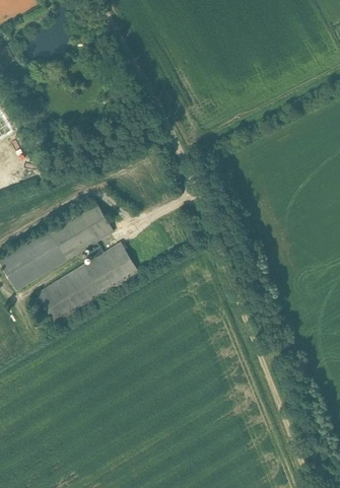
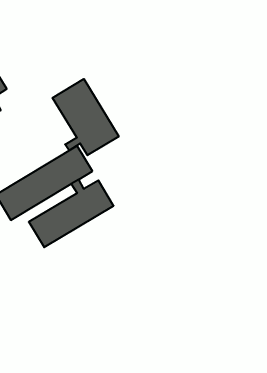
building: none -> [53,79,119,155]

